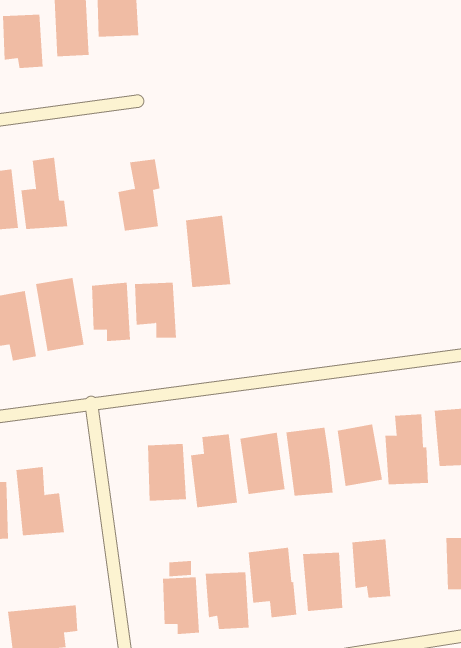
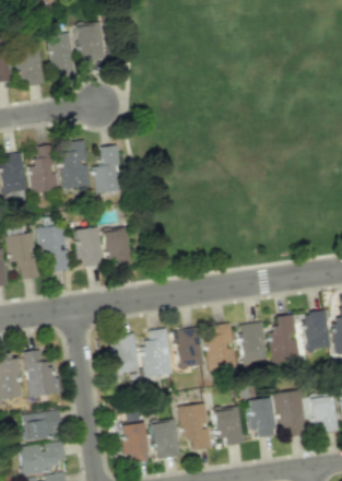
building: [185,215,231,288] -> [59,140,90,188]
building: none -> [276,390,305,436]
building: none -> [23,412,60,437]

